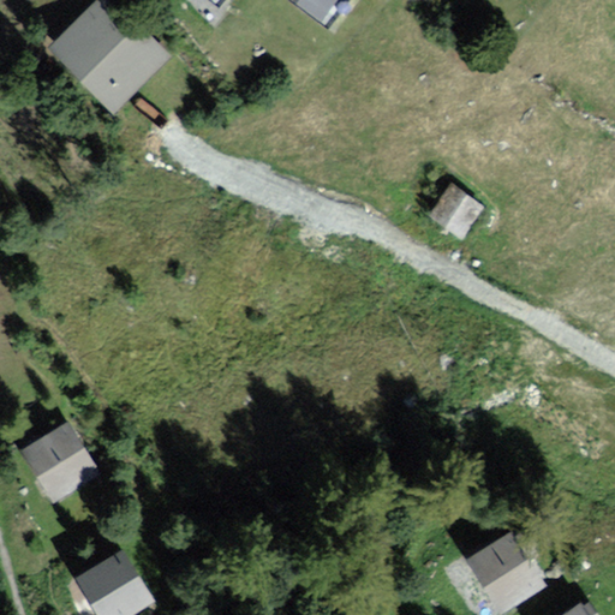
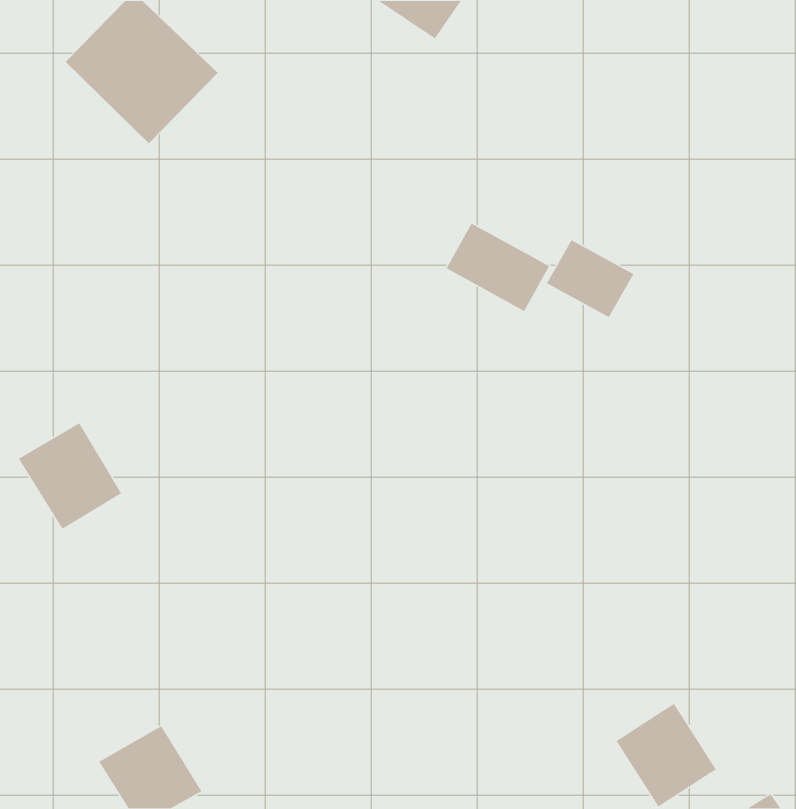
building: none -> [446,222,550,312]
building: [18,420,97,502] -> [18,422,122,530]

